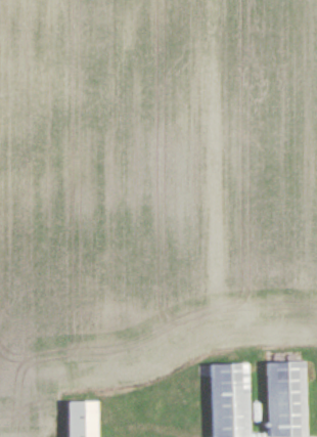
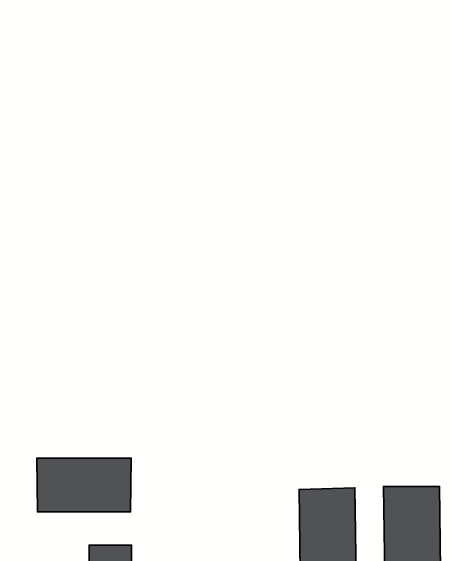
building: none -> [37,458,131,512]

